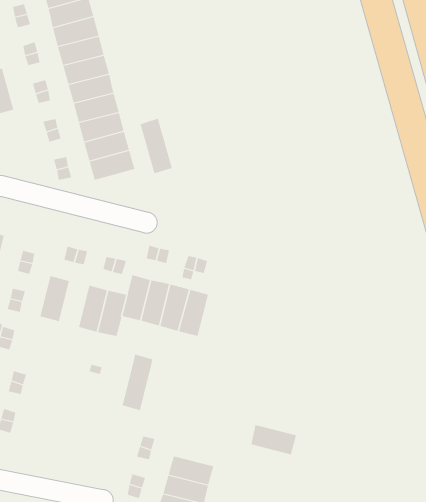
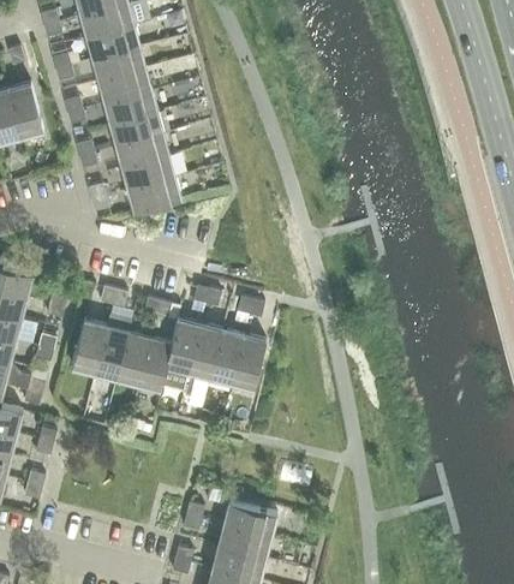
building: [140,118,172,174] -> none
building: [122,354,153,411] -> [94,314,130,379]
building: [251,424,297,455] -> [223,502,276,537]

